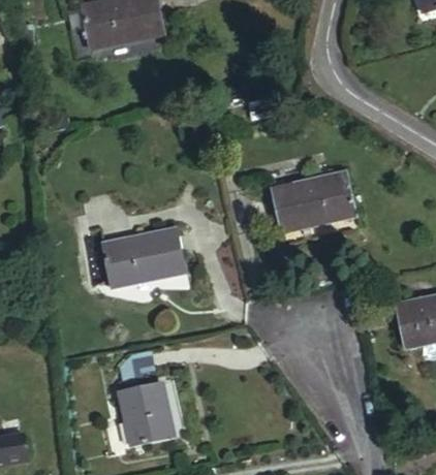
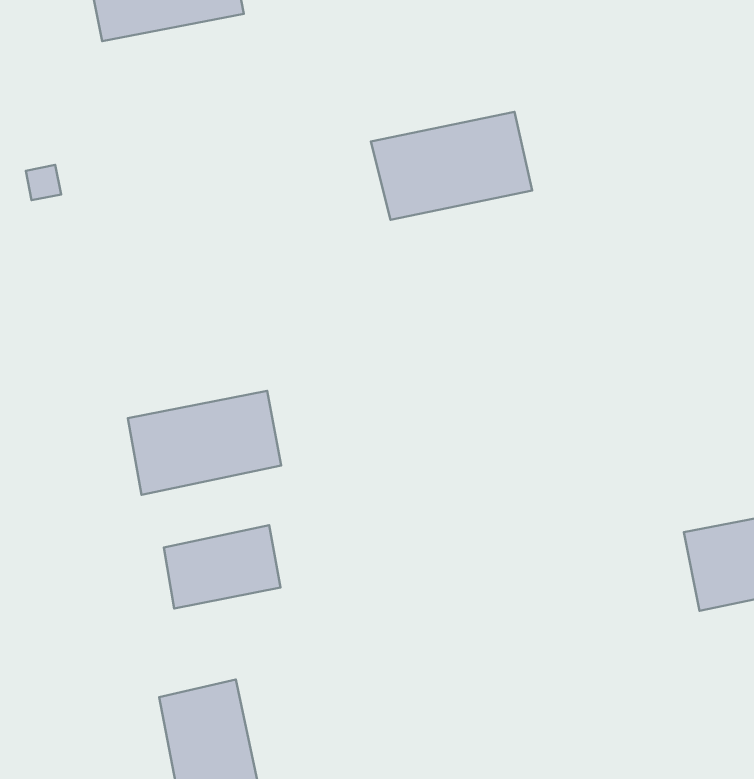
building: [270,175,354,231] -> [371,112,532,220]
building: none -> [164,525,280,609]

